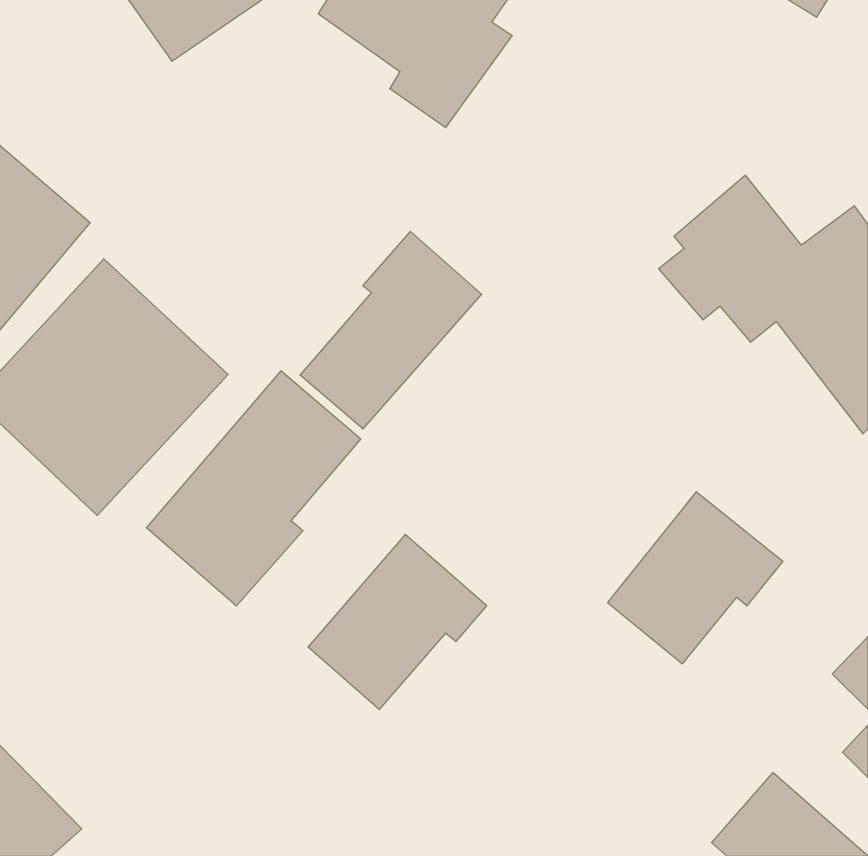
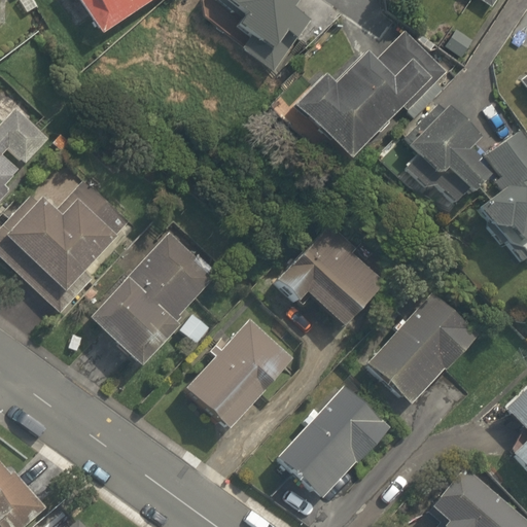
building: none -> [291,28,444,164]
building: [300,231,482,429] -> none
building: none -> [273,221,394,335]
building: none -> [275,382,391,501]

